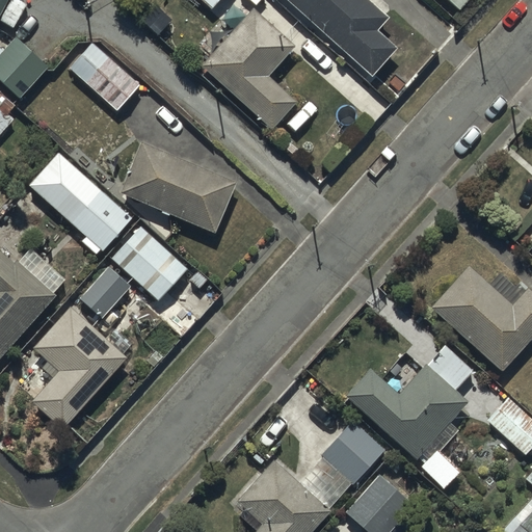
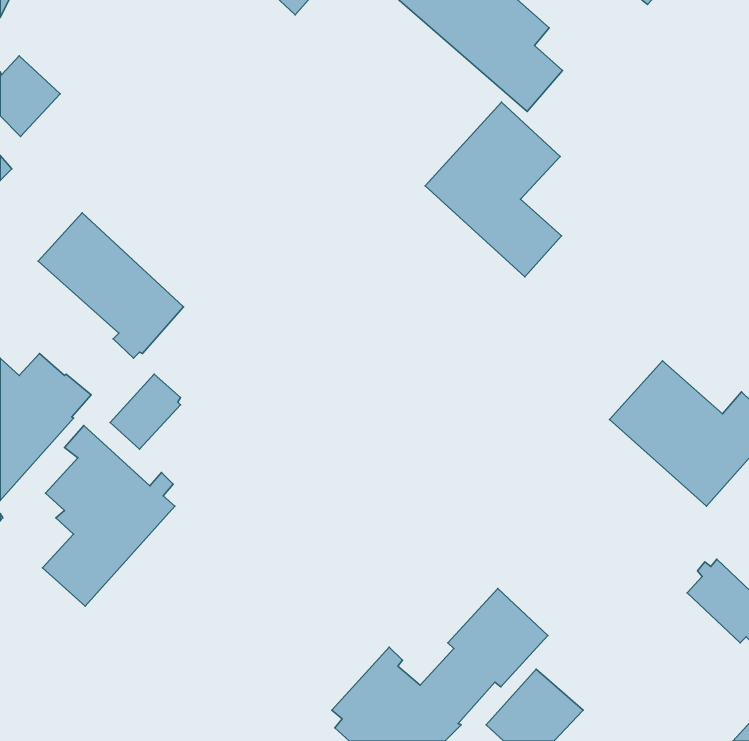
building: [201,8,297,132] -> [425,102,562,277]
building: [69,43,137,110] -> none
building: [121,142,235,235] -> none
building: [111,223,189,300] -> none
building: [346,345,472,489] -> none

